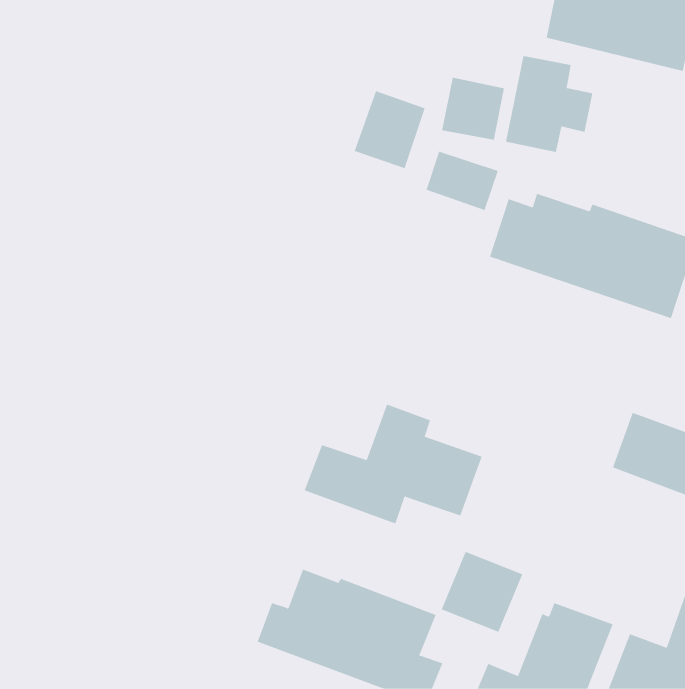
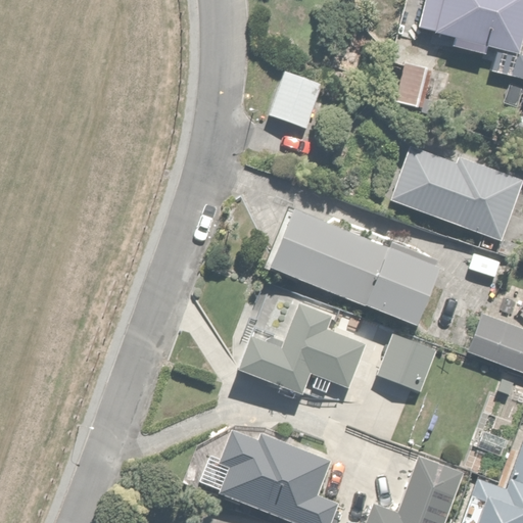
building: [442,77,505,141] -> none
building: [426,151,498,211] -> none
building: none -> [270,208,435,327]
building: [441,551,523,632] -> [377,331,439,392]

